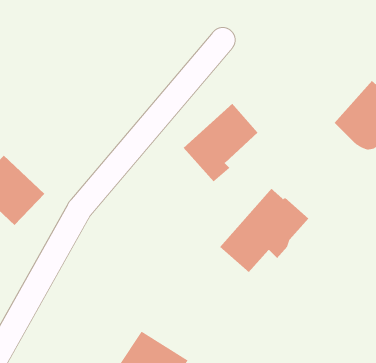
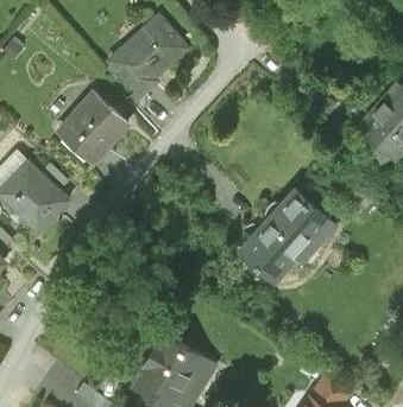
building: none -> [57,93,125,163]
building: [183,103,259,182] -> [109,15,185,95]

